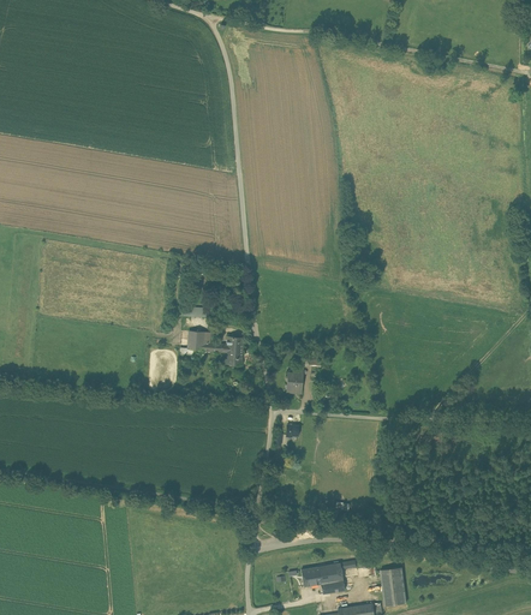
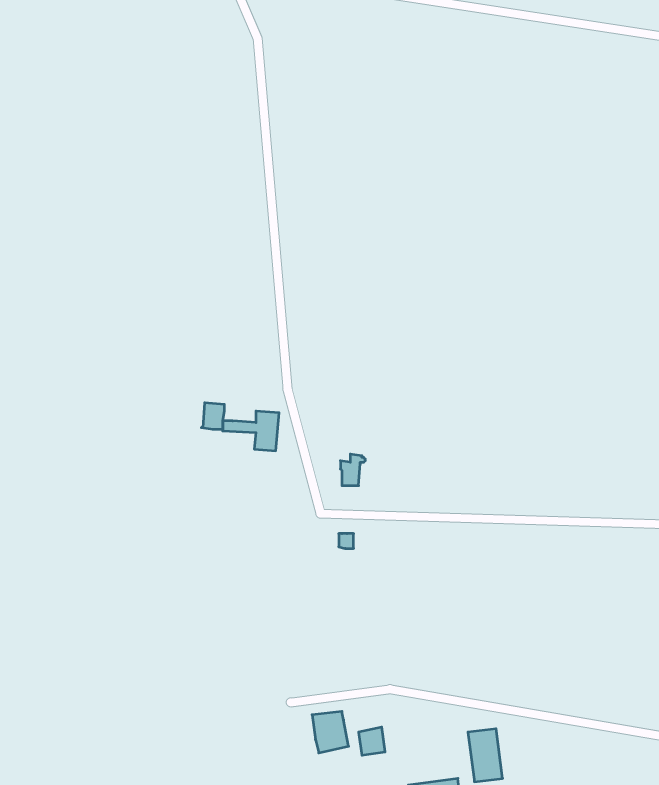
building: [317,563,344,593] -> [312,711,349,753]

